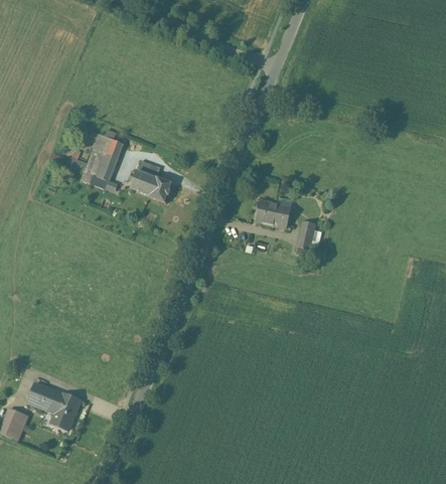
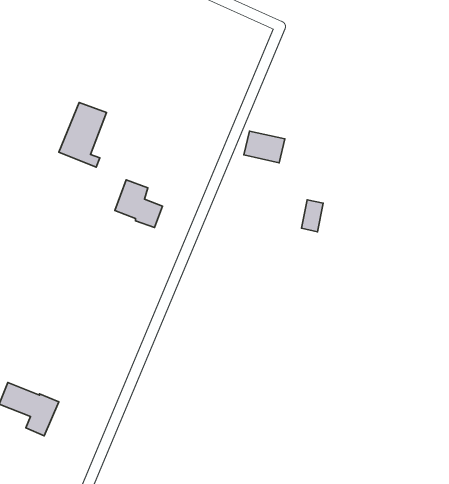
building: [131,160,173,202] -> [115,180,163,228]
building: [255,200,291,228] -> [244,131,285,163]

